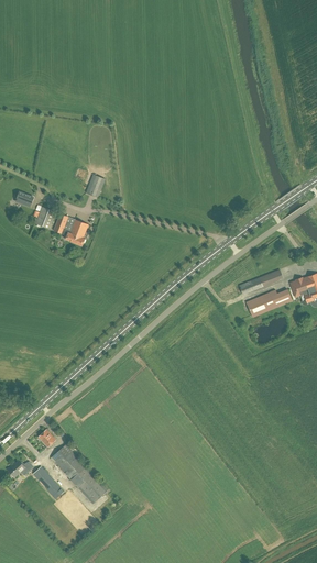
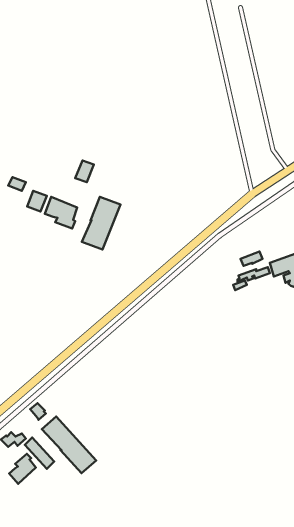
building: none -> [82,197,121,250]
building: none -> [9,454,36,484]

